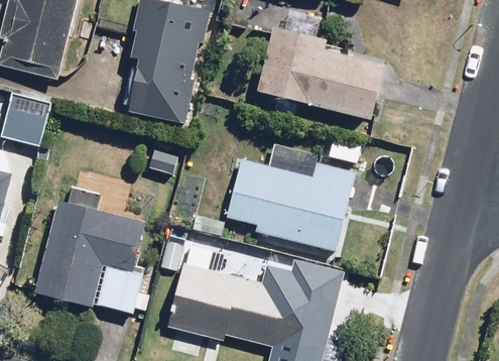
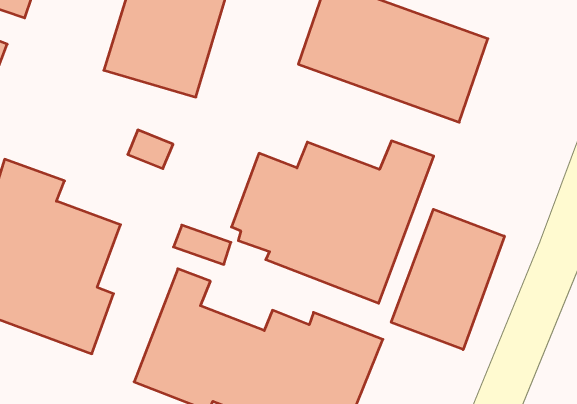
building: none -> [391,209,504,350]

